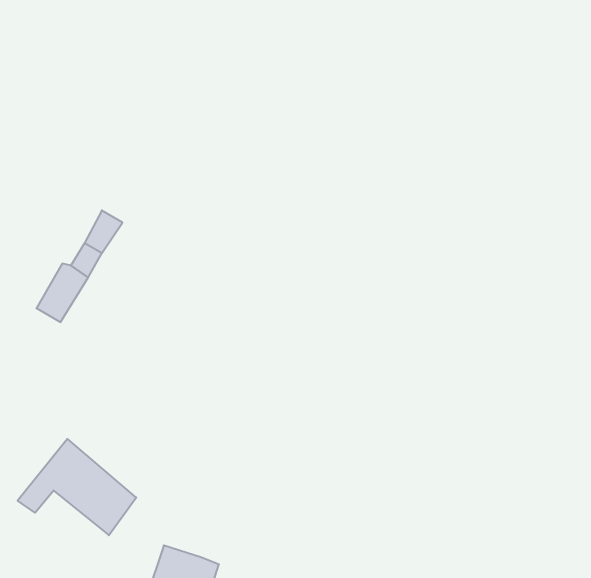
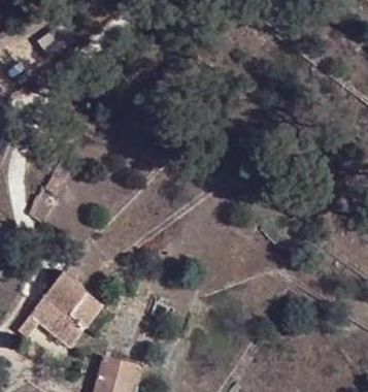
building: none -> [45,274,104,330]

